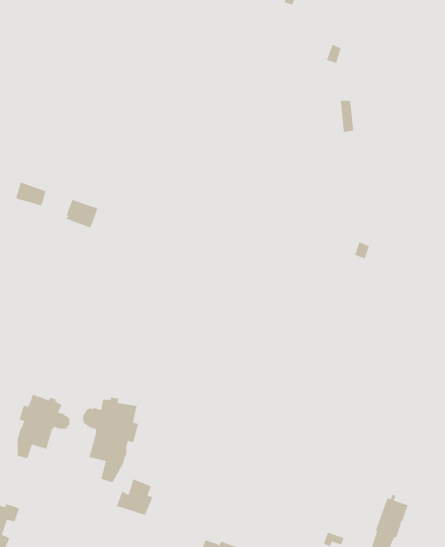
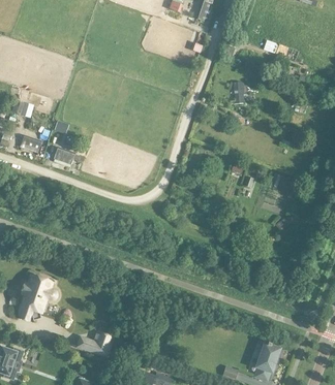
building: [82,397,139,483] -> none

